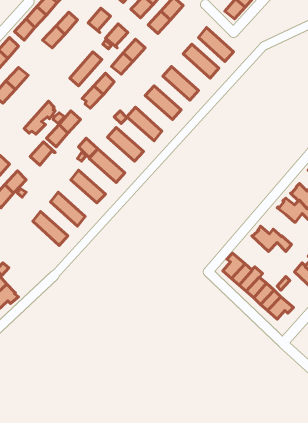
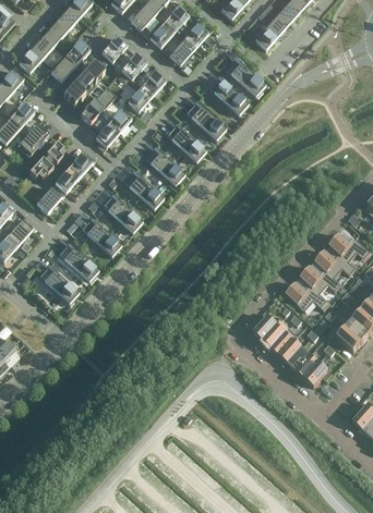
building: none -> [62,62,104,106]
building: none -> [16,124,47,157]
building: none -> [299,267,340,294]

